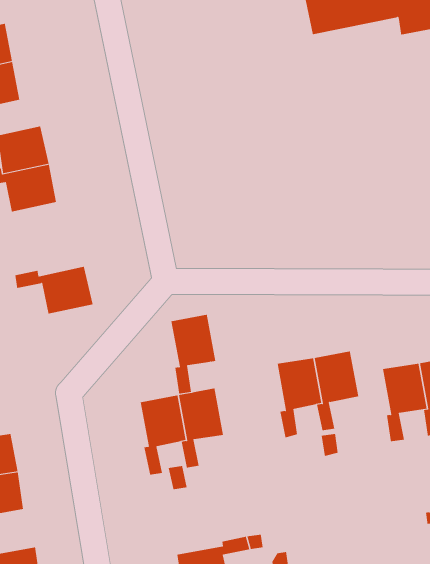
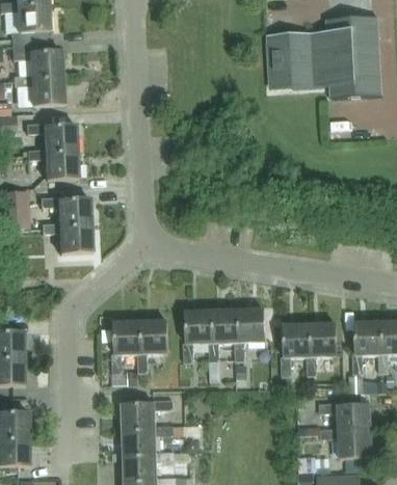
building: none -> [41,195,90,225]
building: [171,314,216,394] -> [184,309,213,361]
building: none -> [123,399,174,430]

